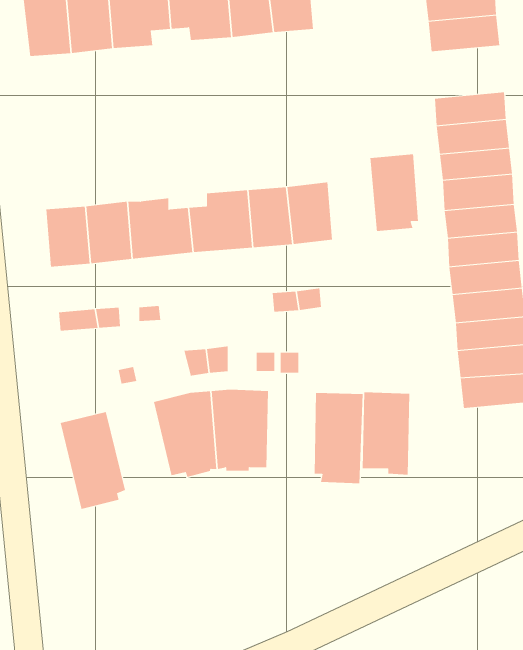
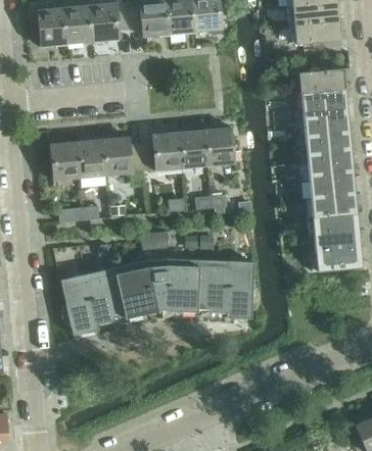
building: [370,154,419,232] -> none
building: [362,392,410,475] -> [192,259,223,312]
building: none -> [90,266,131,322]

